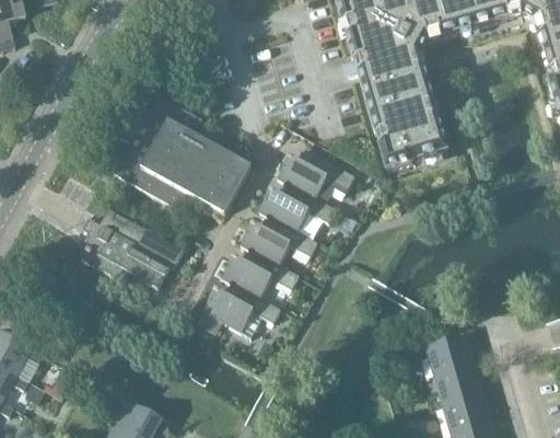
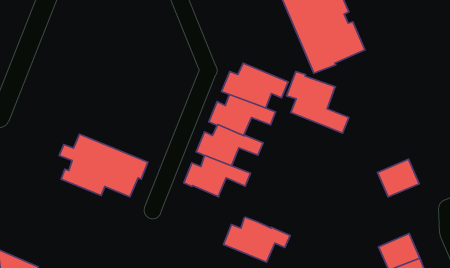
building: [114,94,252,214] -> none
building: none -> [286,72,349,133]
building: [203,281,281,336] -> [224,217,290,262]
building: [428,336,474,377] -> [378,159,419,197]

